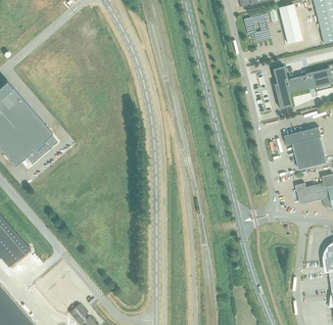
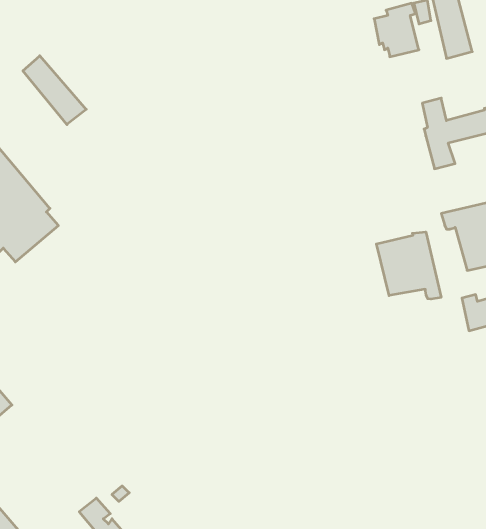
building: none -> [23,56,86,125]
building: none -> [376,232,441,299]

